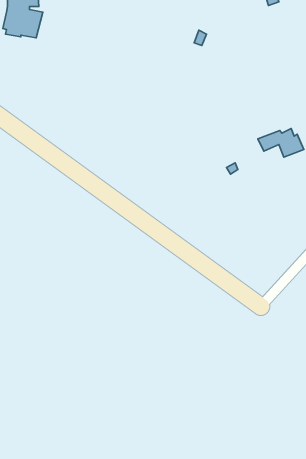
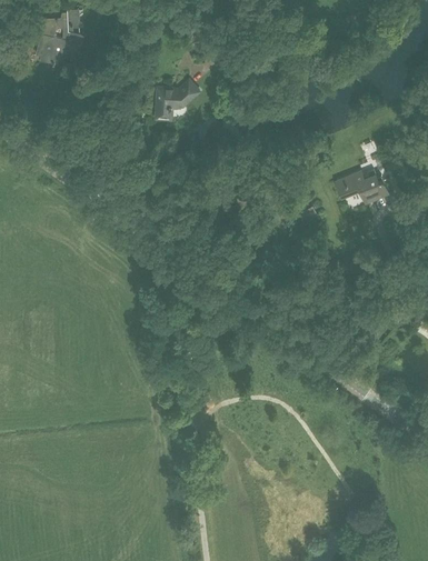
building: none -> [156,80,200,119]

